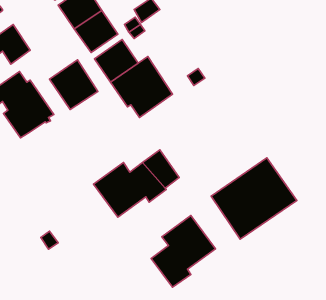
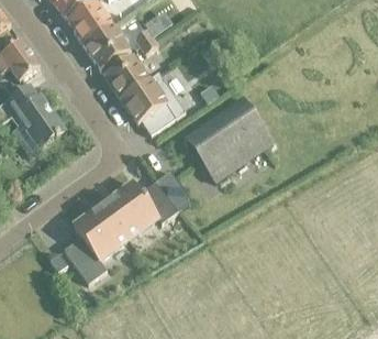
building: [49,60,98,110] -> none
building: [211,158,297,239] -> [185,98,273,182]
building: [151,216,215,287] -> [62,204,127,277]

